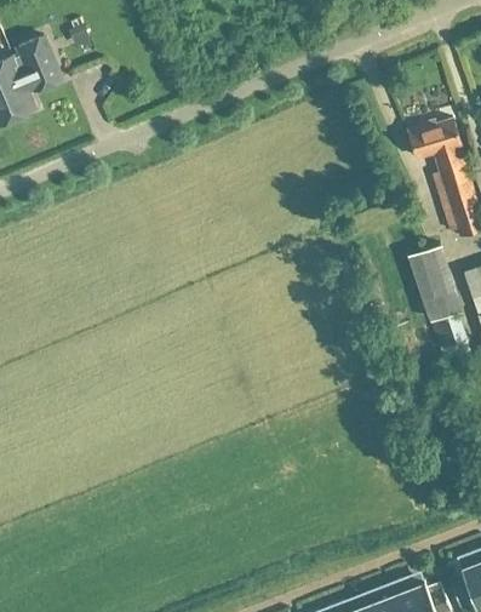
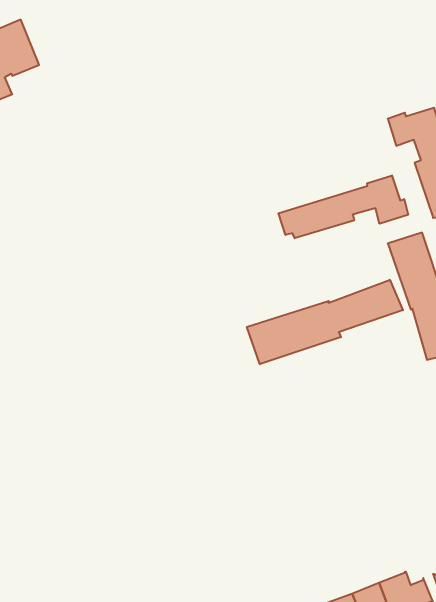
building: none -> [278,175,408,238]
building: none -> [247,280,403,364]

